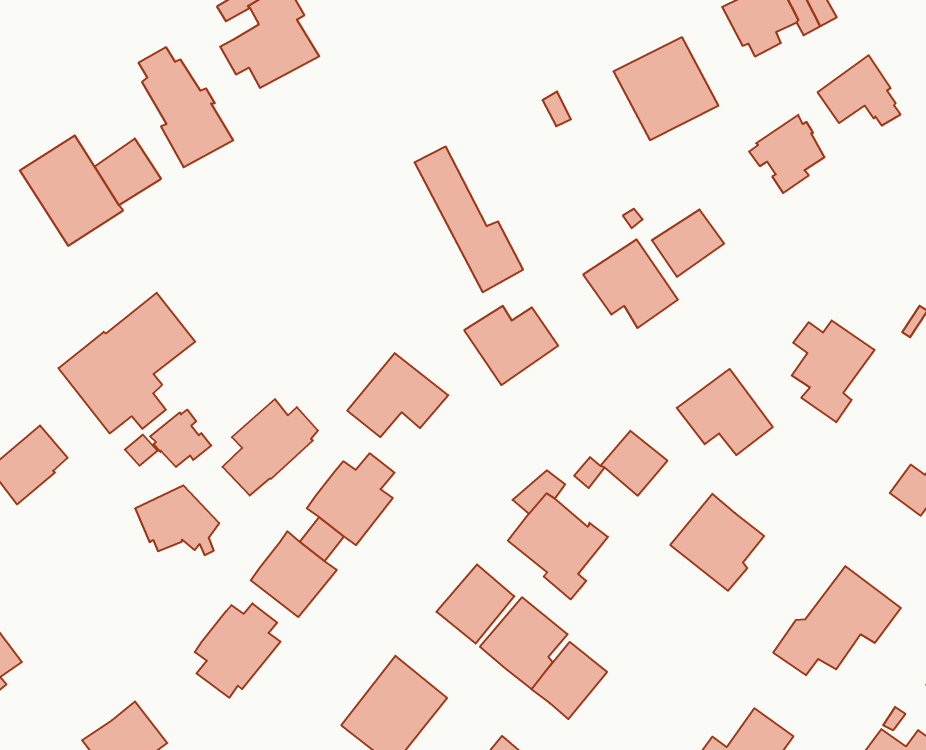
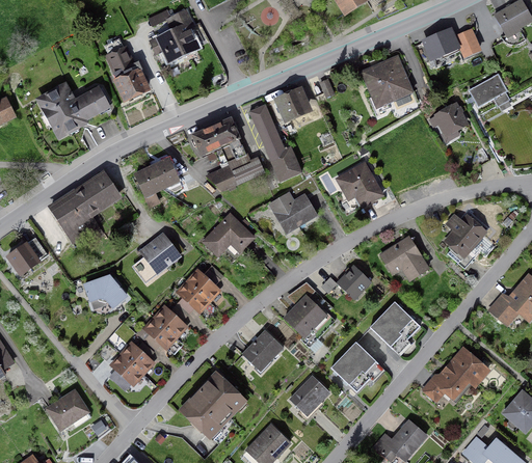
building: none -> [273,86,313,124]
building: none -> [190,116,265,191]
building: [652,209,724,277] -> none
building: none -> [133,157,181,208]
building: [150,410,211,467] -> none
building: [480,597,568,689] -> [330,342,378,391]

